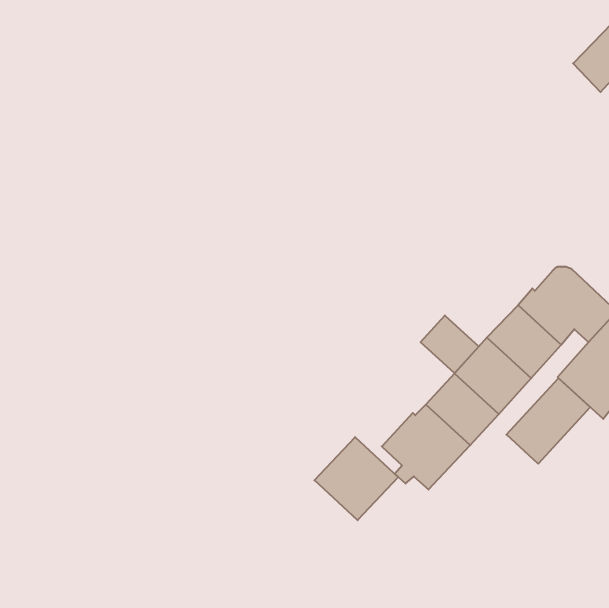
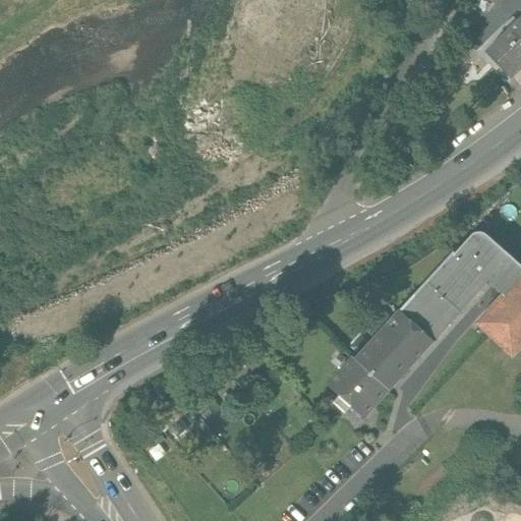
building: [421,315,479,373] -> none
building: [506,378,590,464] -> none
building: [314,437,398,520] -> none

